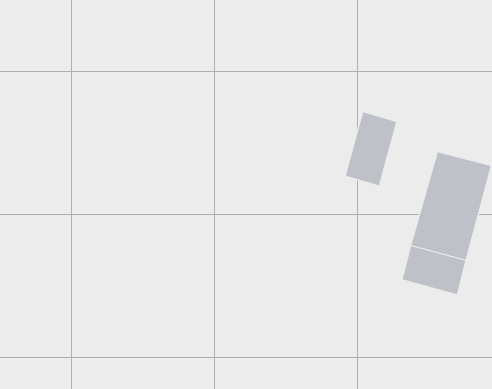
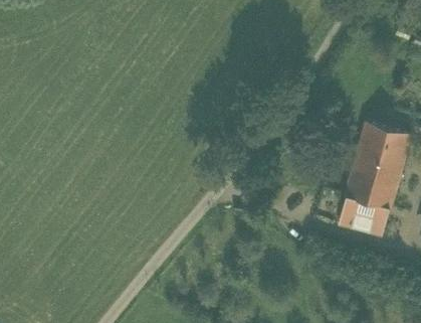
building: [345,112,397,186] -> none

